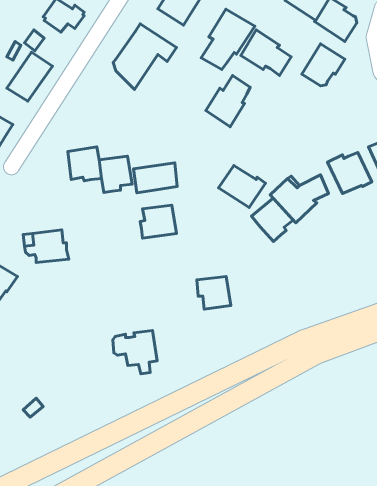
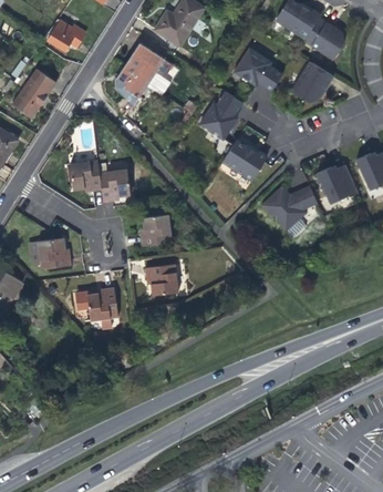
building: [201,9,255,70] -> none
building: [134,163,177,193] -> none
building: [219,165,265,208] -> [221,141,266,181]
building: [251,198,293,242] -> none
building: [197,276,231,309] -> [146,265,178,296]
building: [113,331,157,374] -> [76,287,118,328]

